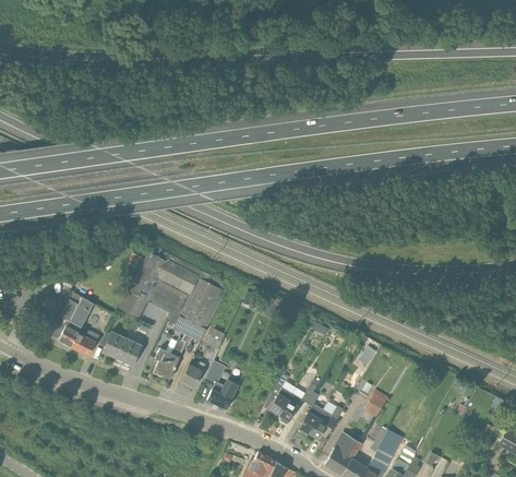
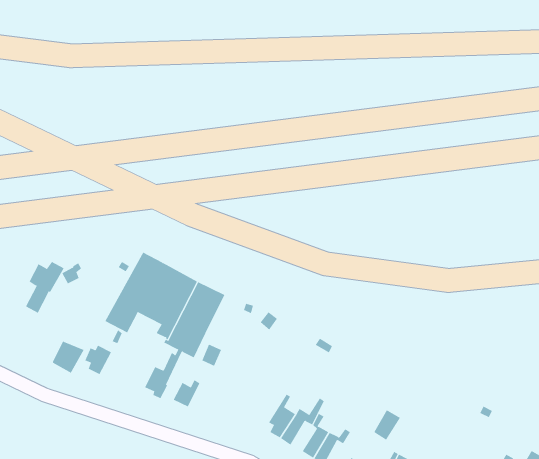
building: [58,297,94,345] -> [25,261,65,314]
building: [113,336,144,365] -> none
building: [203,360,239,409] -> none

